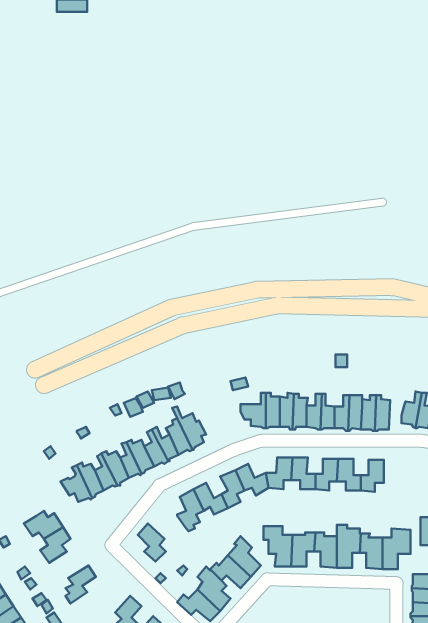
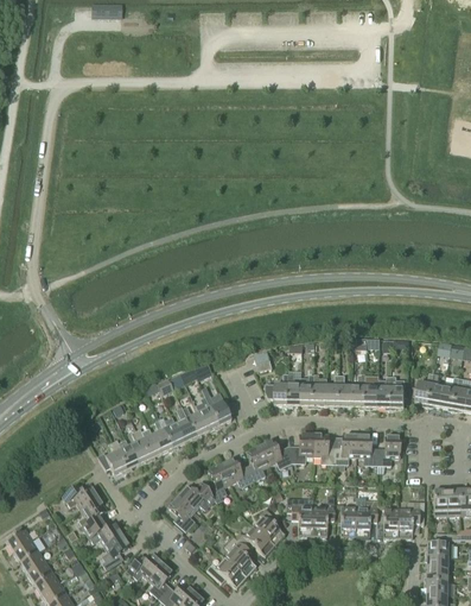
building: none -> [179,479,215,509]
building: none -> [87,520,123,545]
building: none -> [127,553,163,579]

